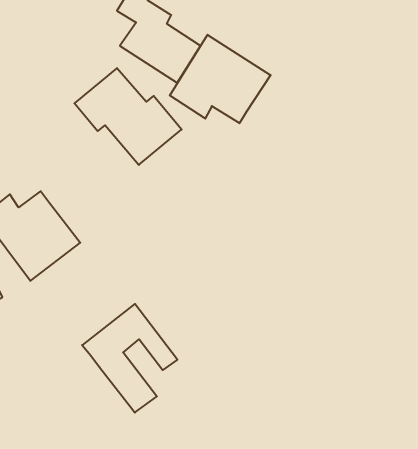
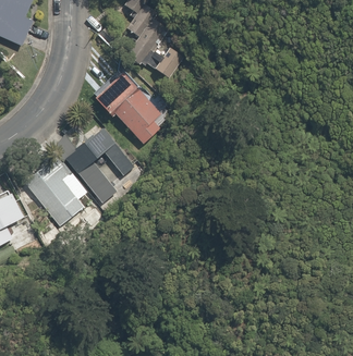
building: [170,35,271,123] -> none
building: [82,304,177,413] -> [61,124,132,205]

